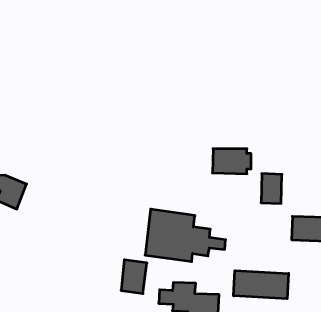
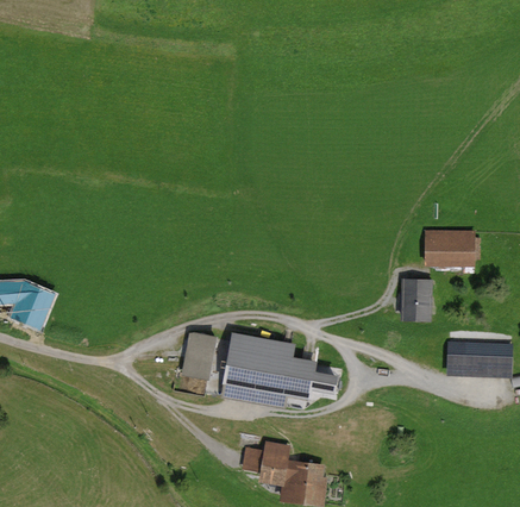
building: [212,149,251,174] -> [419,231,476,268]
building: [121,260,147,294] -> [186,332,224,382]
building: [234,271,289,299] -> none

